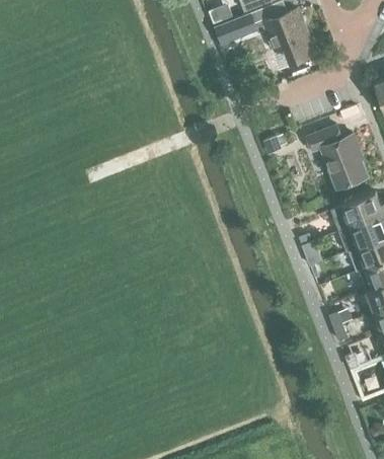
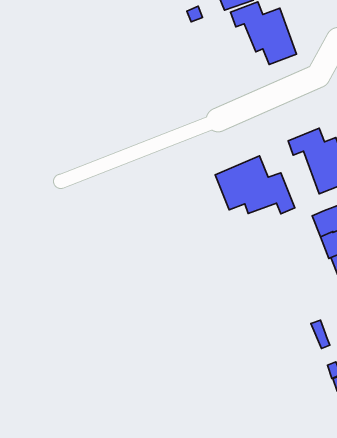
building: [214,14,256,46] -> none
building: none -> [215,156,295,214]

